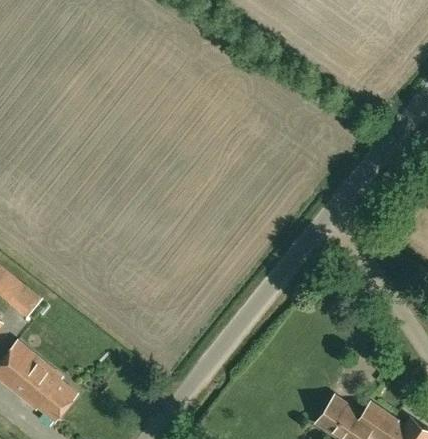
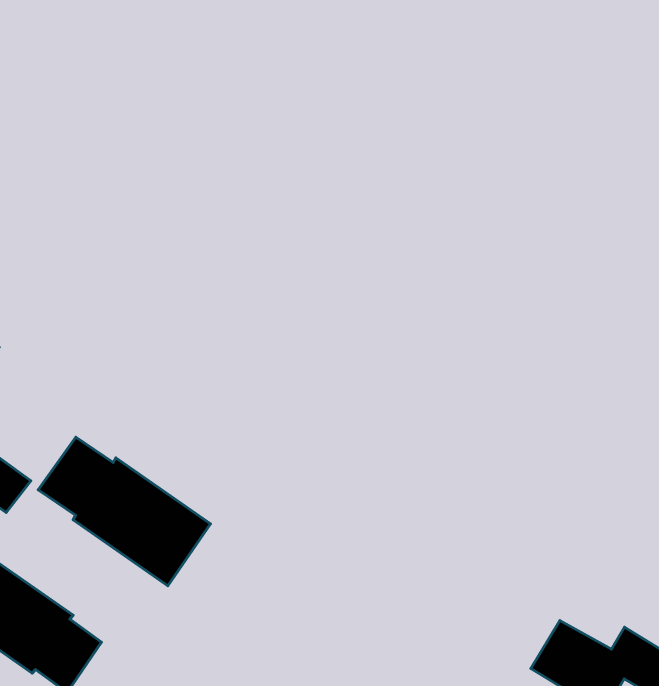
building: none -> [38,437,210,586]

